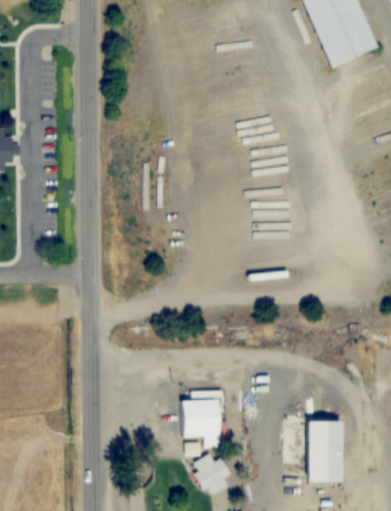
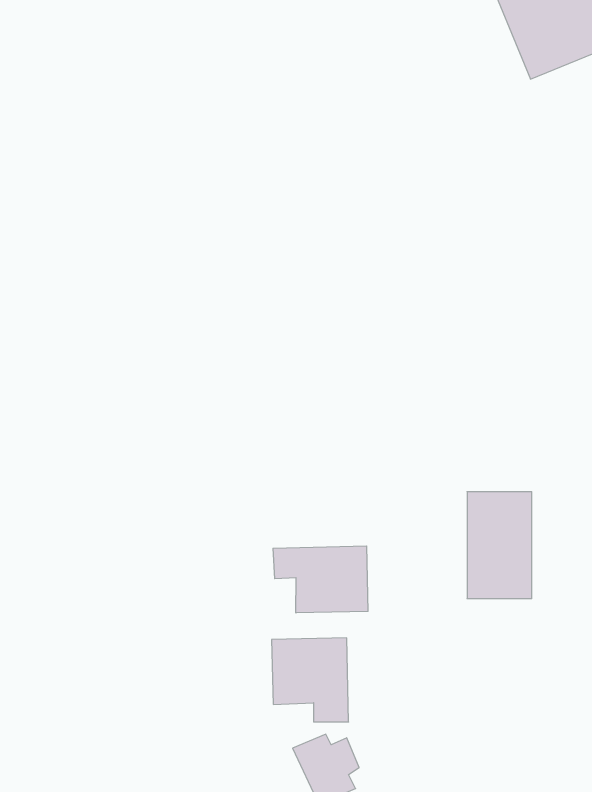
building: none -> [273,546,368,613]
building: [304,419,342,482] -> [467,492,532,599]

